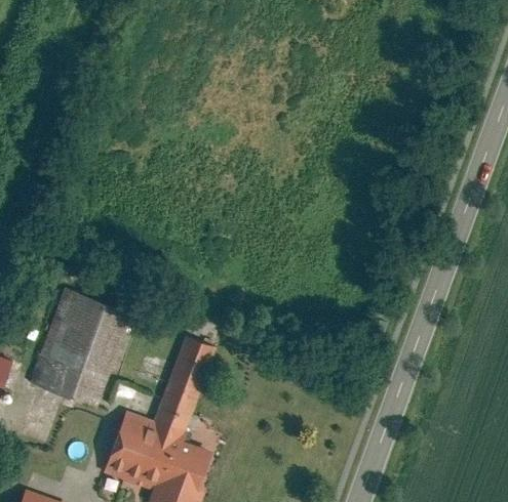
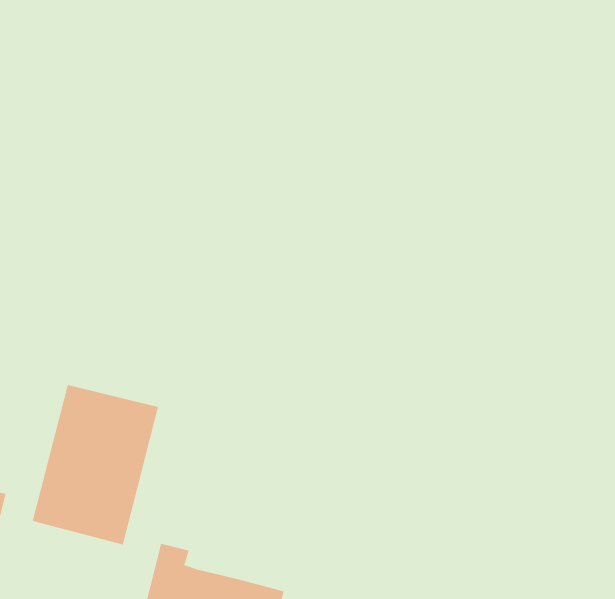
building: [150,337,213,442] -> none

